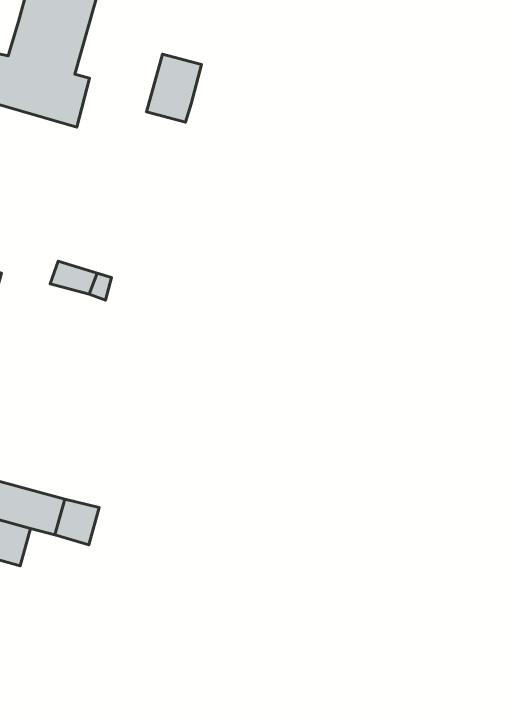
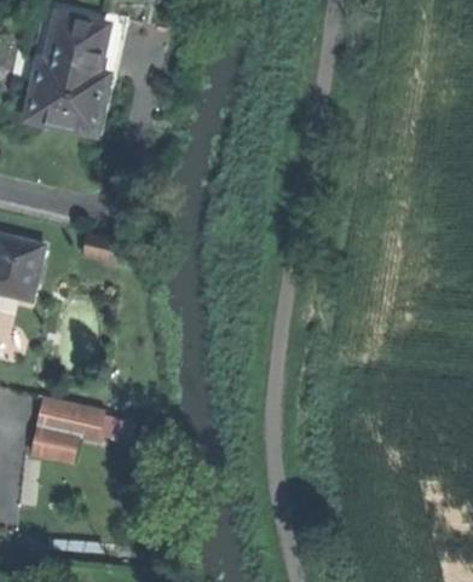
building: [146,54,202,122] -> none

